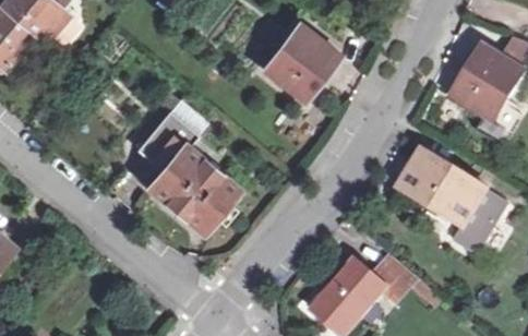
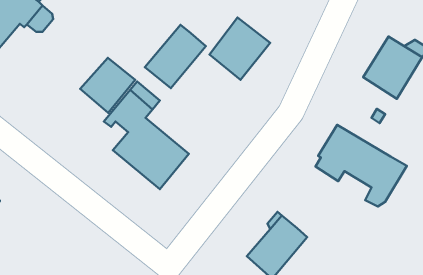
building: none -> [145,25,206,88]
building: none -> [80,58,135,113]
building: [372,257,419,302] -> none

